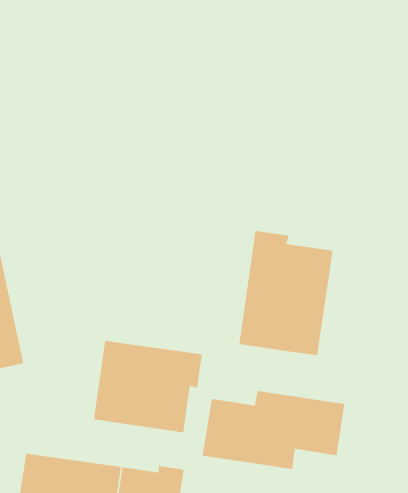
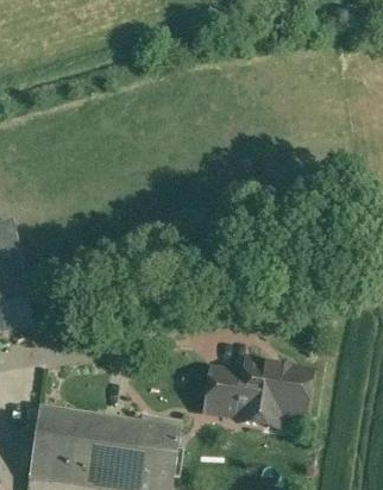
building: [239,230,333,356] -> none
building: [94,340,202,433] -> none

